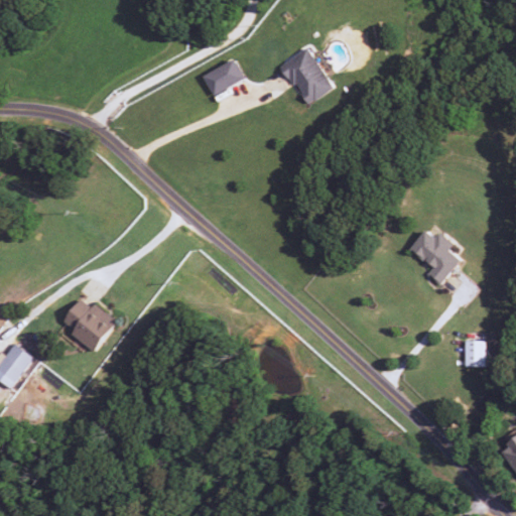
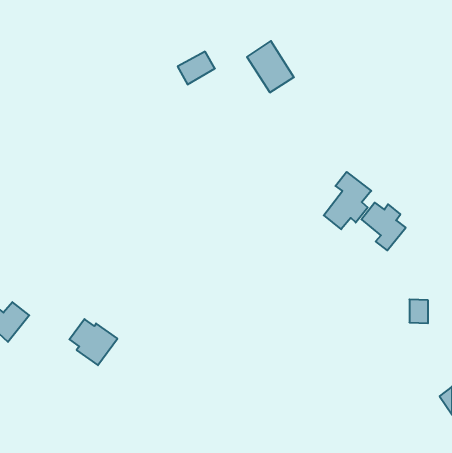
building: none -> [324,172,371,229]
building: [62,298,117,351] -> [69,319,117,365]

